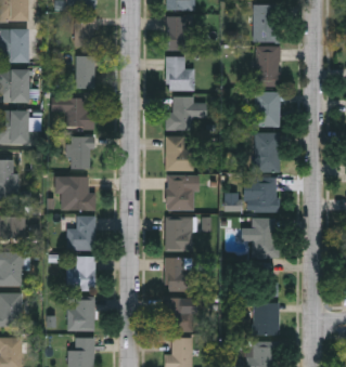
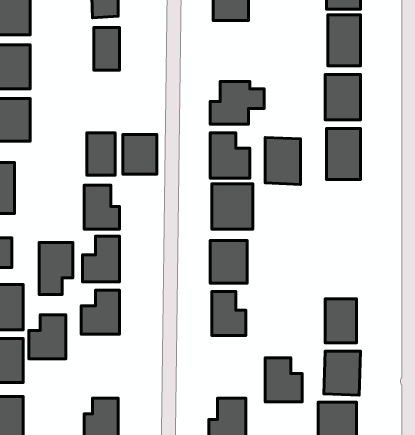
building: [166,56,194,90] -> none
building: [68,97,94,128] -> [123,134,157,174]
building: [252,176,279,212] -> [265,138,301,184]
building: [252,218,278,258] -> none
building: none -> [39,243,73,295]
building: [67,297,95,330] -> [29,315,66,359]
building: [165,298,193,331] -> [265,358,302,402]

